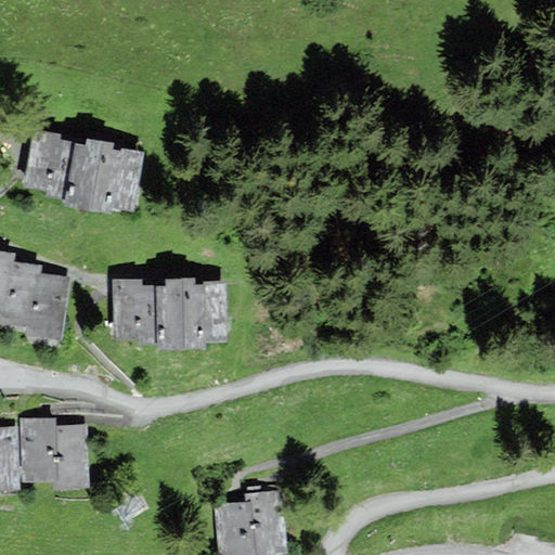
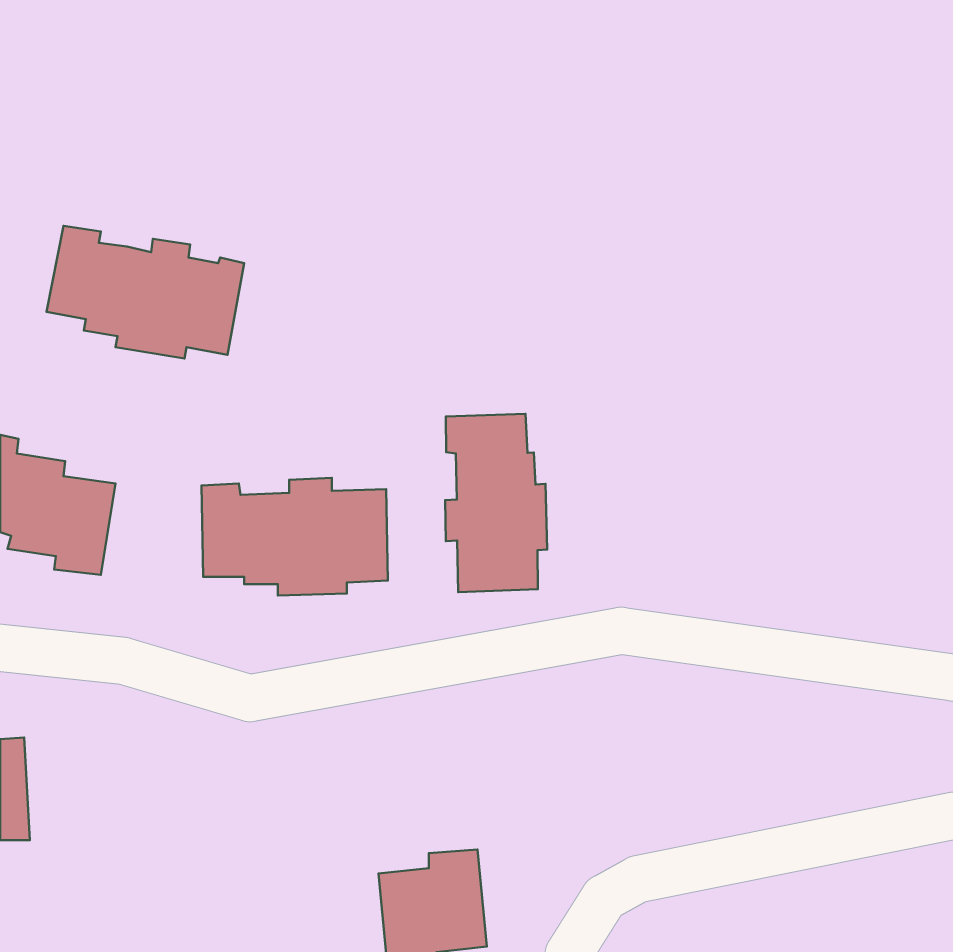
building: none -> [445,414,547,592]
building: [23,422,87,486] -> none

